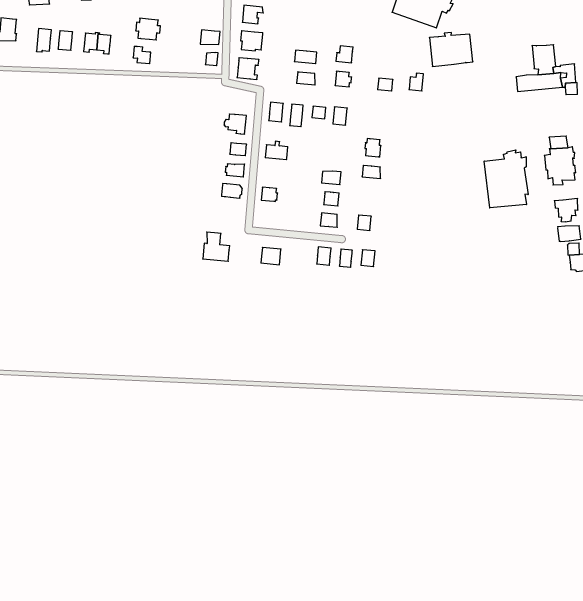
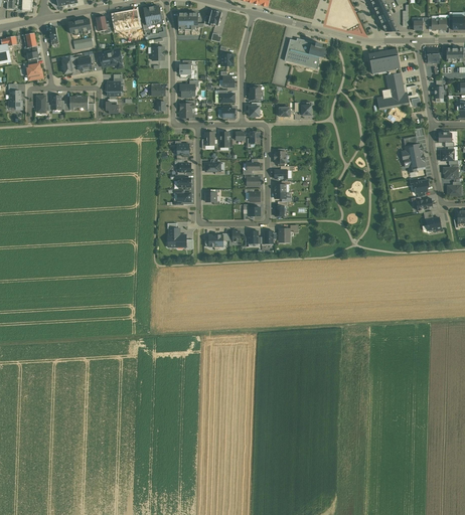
building: [429,33,473,66] -> [367,48,400,73]
building: [484,150,528,208] -> none

